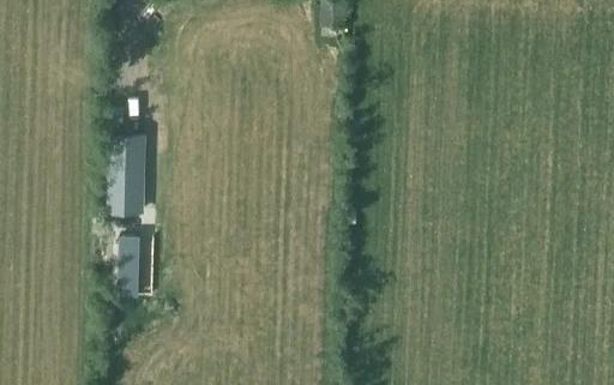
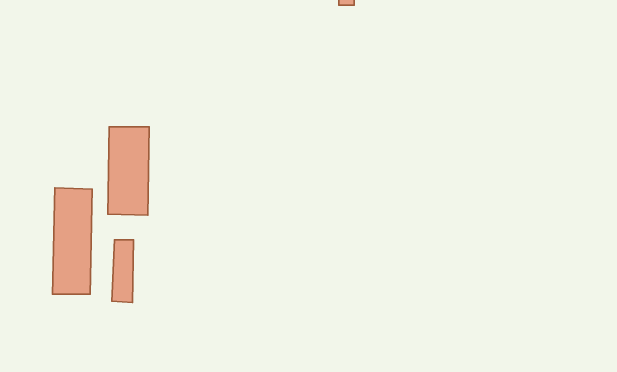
building: none -> [53,188,92,294]

